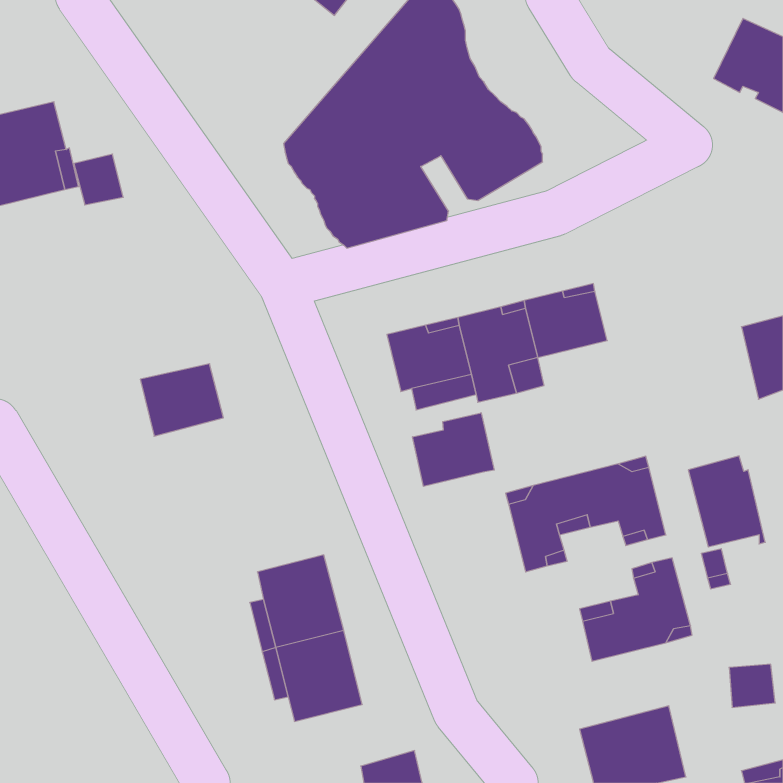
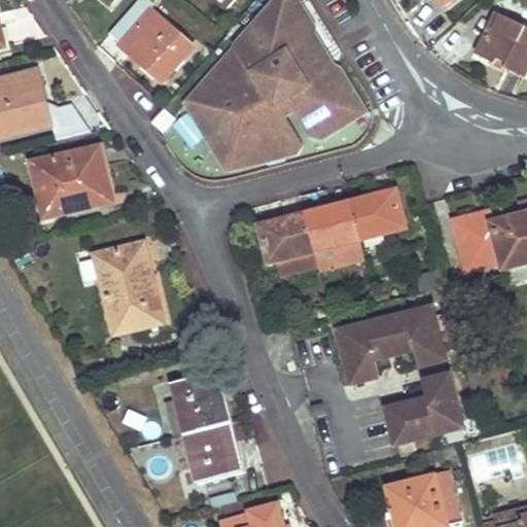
building: none -> [118,8,194,81]
building: none -> [30,144,104,216]
building: [413,413,494,486] -> none
building: none -> [103,279,163,332]
building: [688,456,765,547] -> [455,209,506,270]

